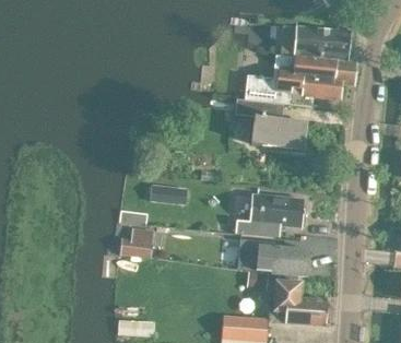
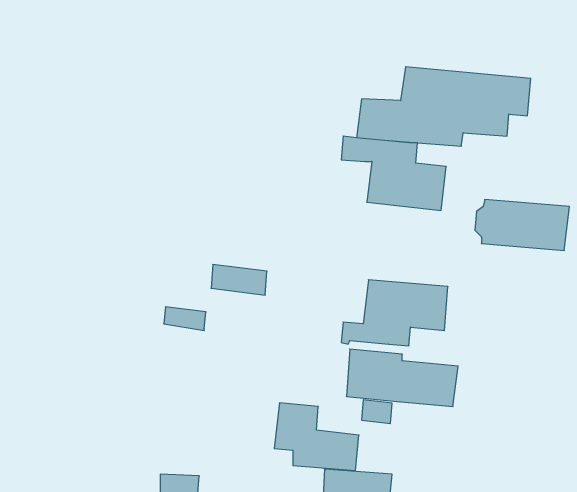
building: [288,27,350,60] -> [475,200,569,250]
building: [119,227,153,256] -> none
building: [270,280,325,323] -> [274,403,359,471]

